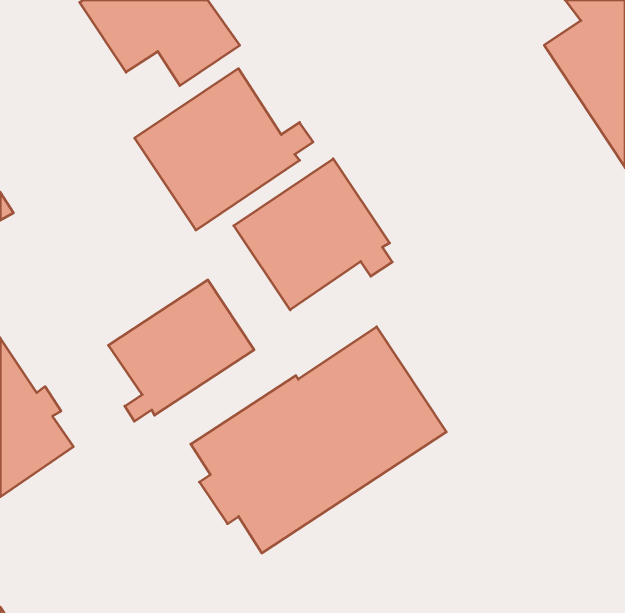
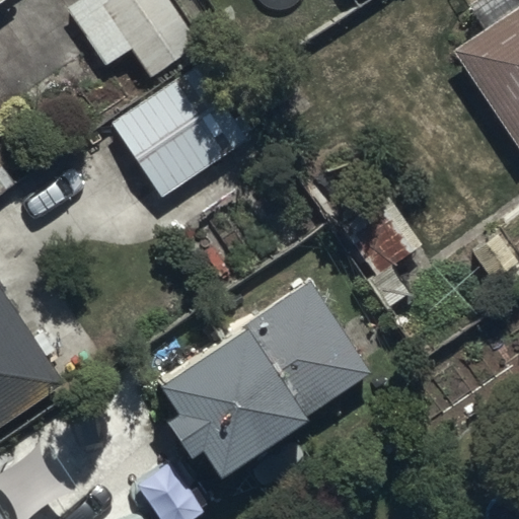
building: [234,159,392,310] -> none
building: [108,280,254,421] -> none

